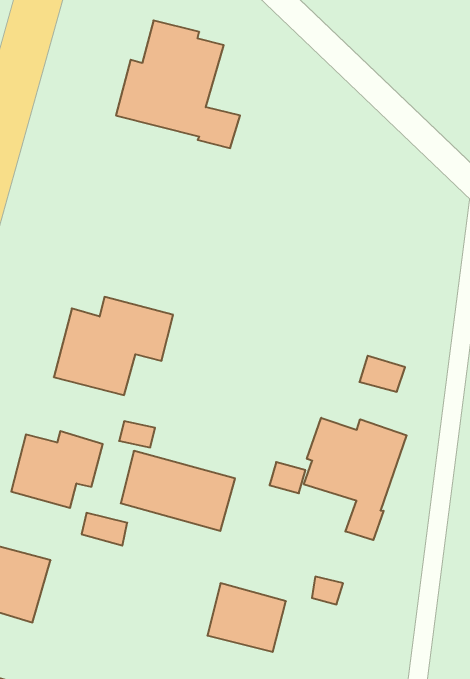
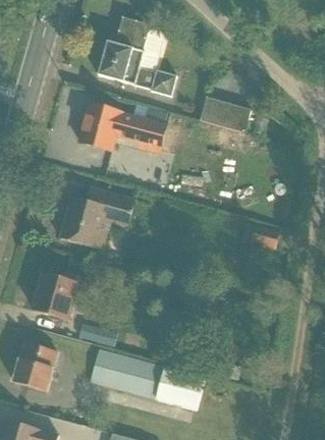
building: none -> [199,96,251,131]
building: none -> [78,103,168,154]
building: [304,418,407,540] -> none
building: [121,451,235,531] -> [90,347,161,397]

